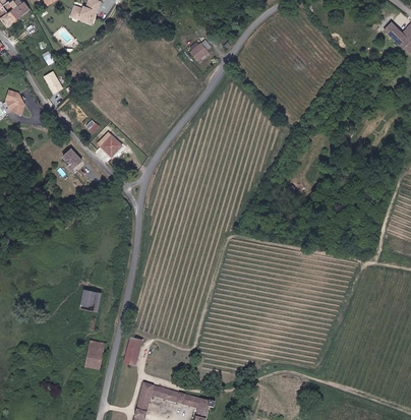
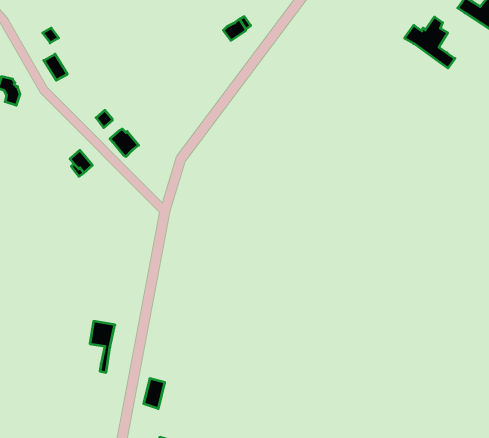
building: none -> [405,17,455,68]
building: [83,340,104,369] -> none

